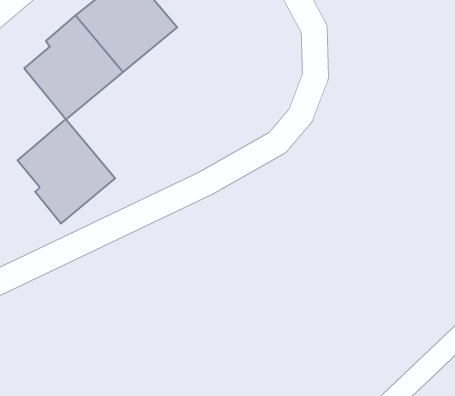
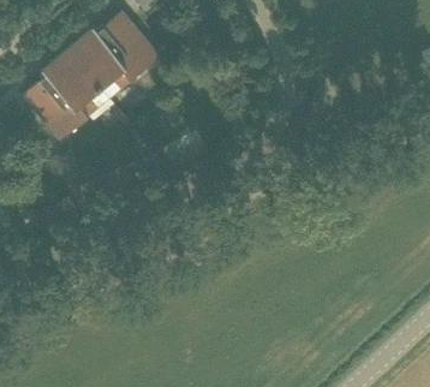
building: [18,119,115,224] -> none

